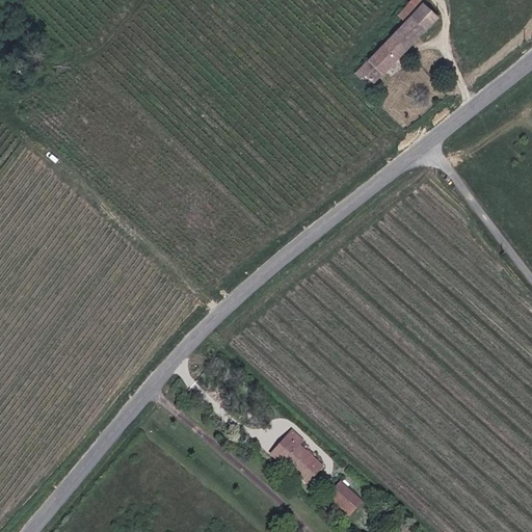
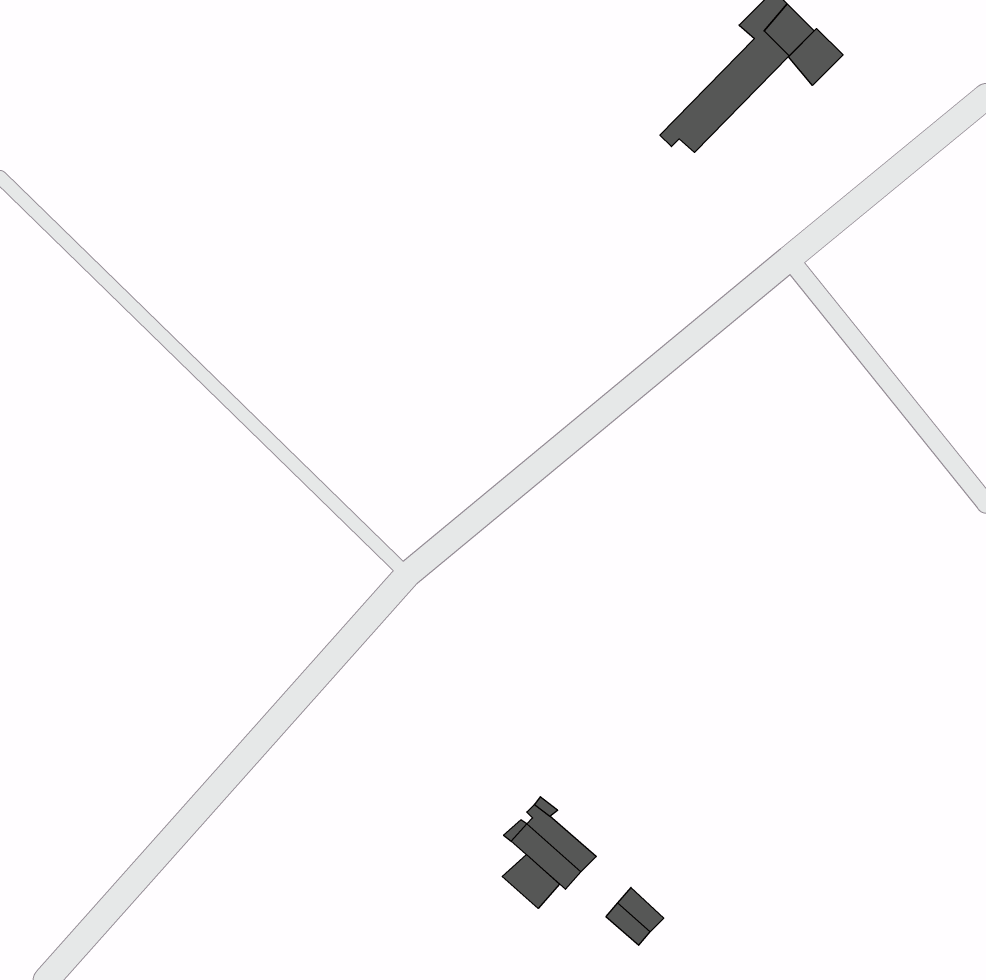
building: none -> [788,29,843,85]
building: none -> [502,855,560,908]

